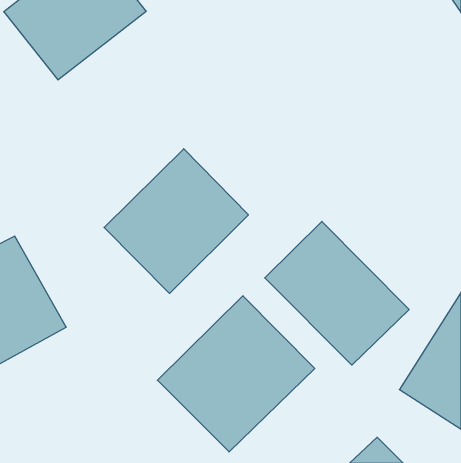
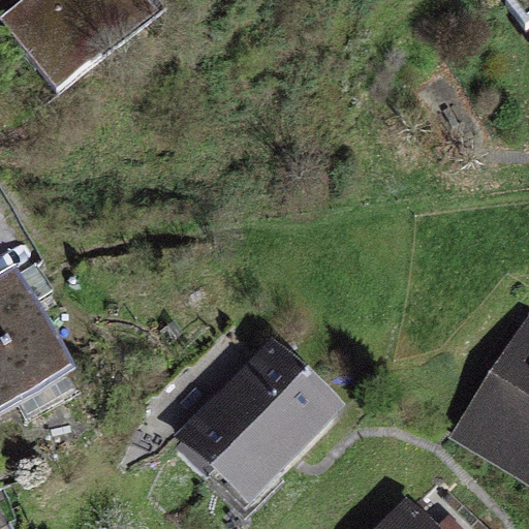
building: [104,149,248,293] -> none
building: [265,221,409,365] -> none

